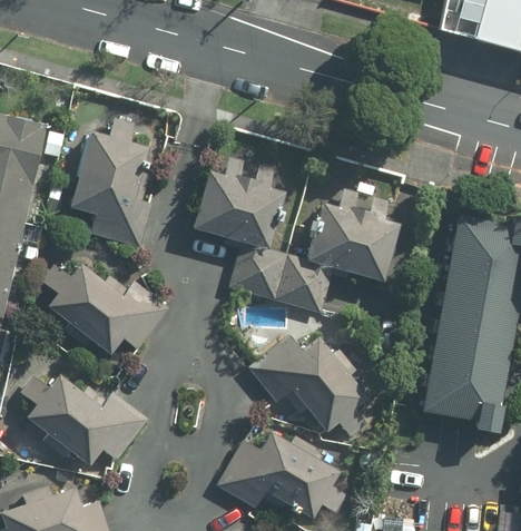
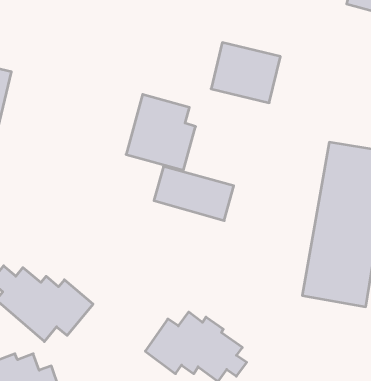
building: [70,117,150,245] -> none
building: [308,203,397,279] -> [211,43,280,103]
building: [40,264,169,358] -> none
building: [247,334,366,433] -> none

